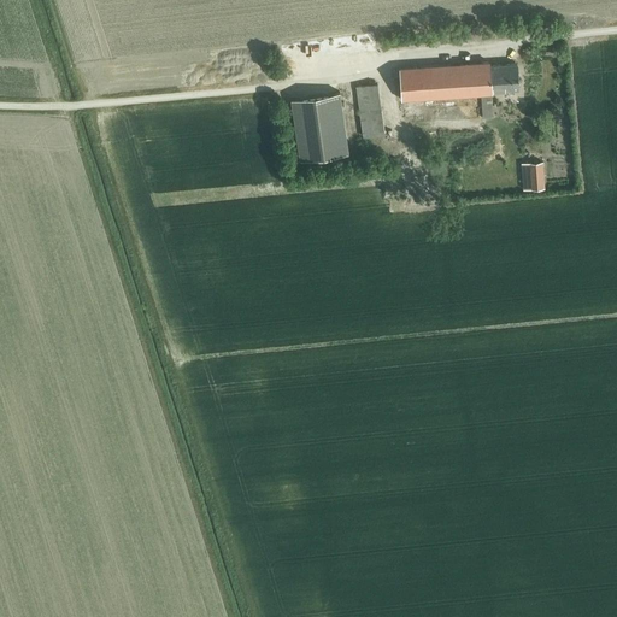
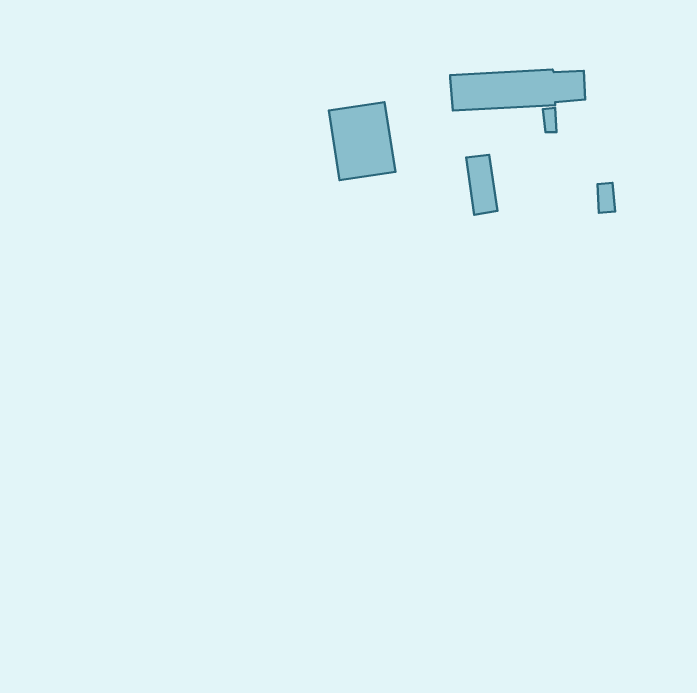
building: [355,87,383,140] -> [466,155,497,215]

